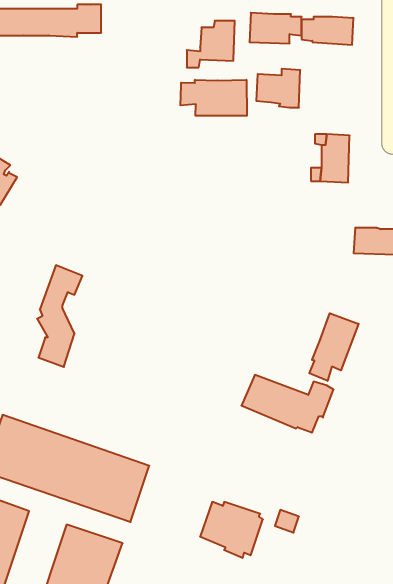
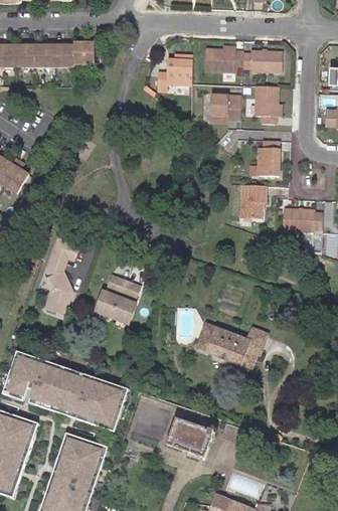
building: none -> [255,87,279,125]
building: [180,80,247,116] -> none
building: none -> [240,186,266,219]
building: [309,313,359,381] -> none
building: none -> [97,277,138,322]

